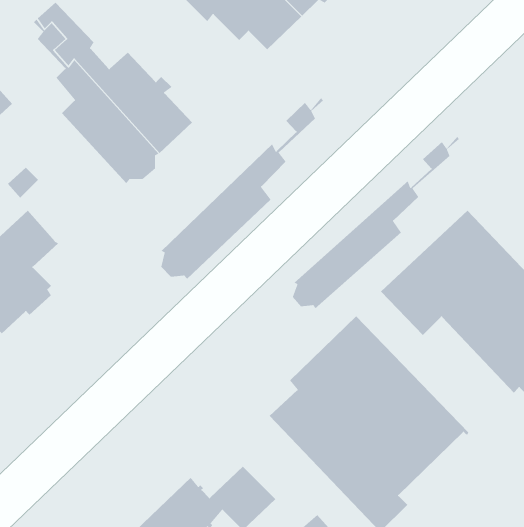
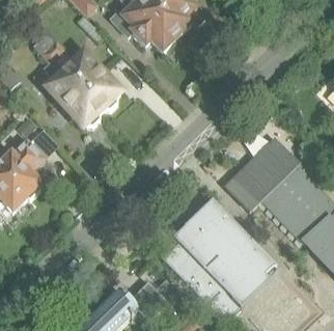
building: [160,97,324,280] -> none
building: [292,136,460,309] -> none

